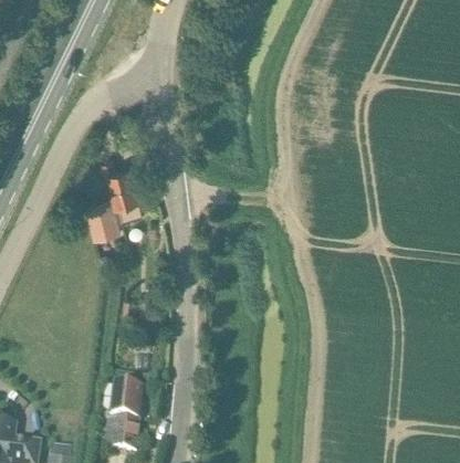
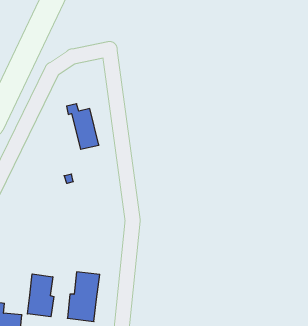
building: [86,193,118,232] -> none
building: none -> [27,274,54,317]

